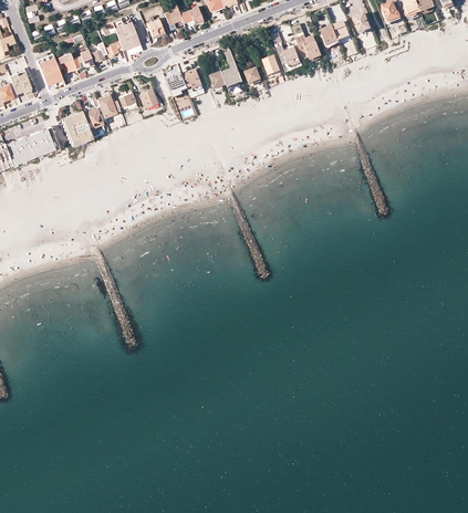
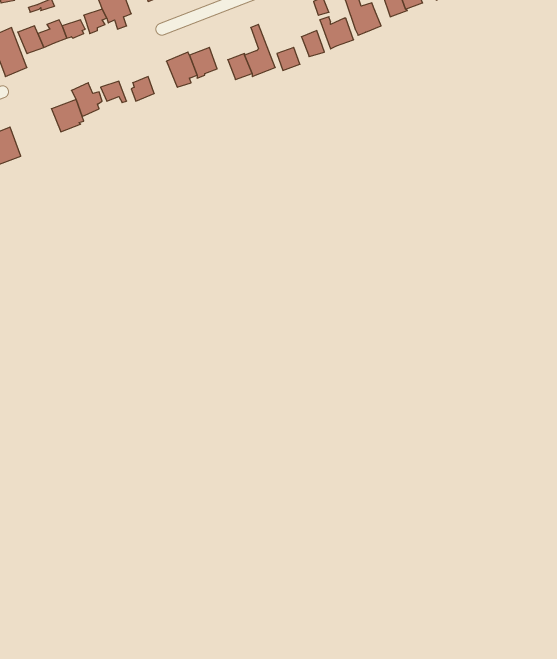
building: [62,111,92,146] -> none

